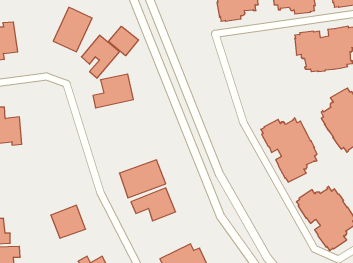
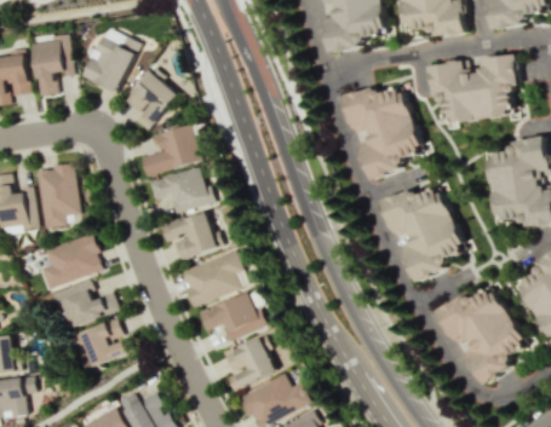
building: none -> [31,34,73,97]
building: [108,26,139,56] -> none
building: none -> [349,83,425,177]
building: none -> [35,165,79,229]
building: none -> [148,167,211,213]
building: none -> [160,213,222,260]
building: none -> [39,235,103,289]
building: none -> [53,282,117,329]
building: none -> [223,339,275,392]

